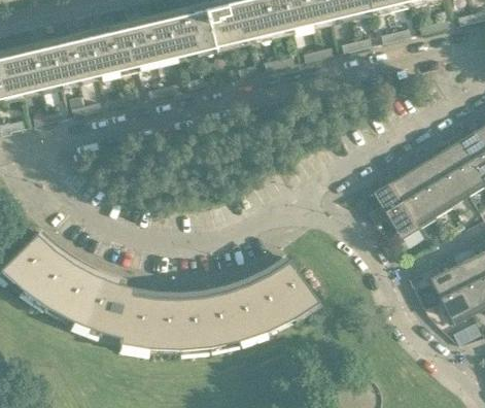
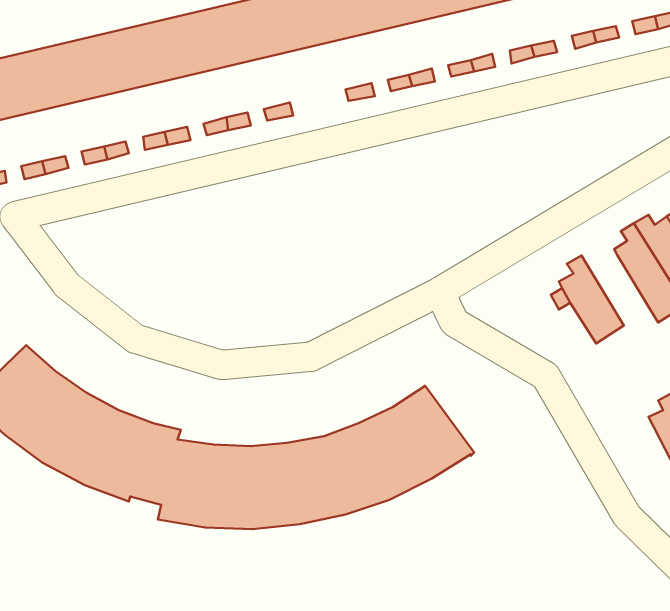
building: [390,173,434,223] -> none

